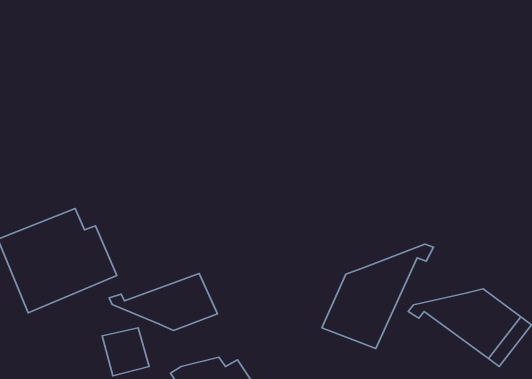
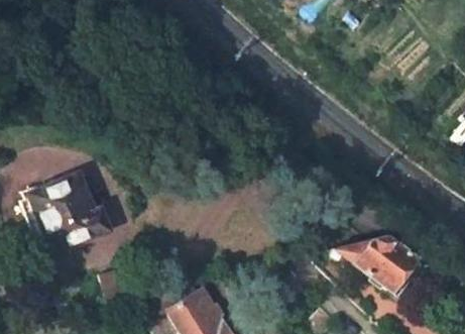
building: [322,244,434,348] -> none
building: [109,273,217,330] -> none

